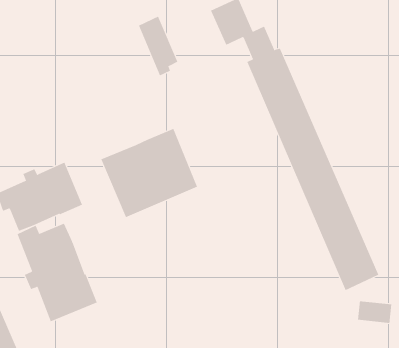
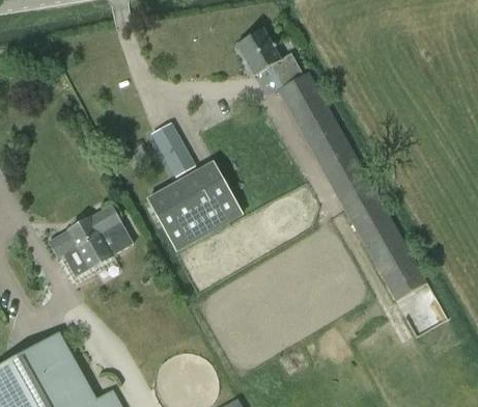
building: [138,16,178,76] -> [152,121,195,180]
building: [17,223,97,322] -> none

